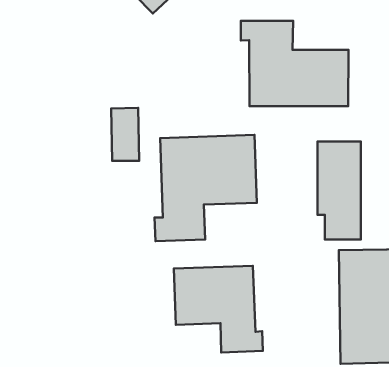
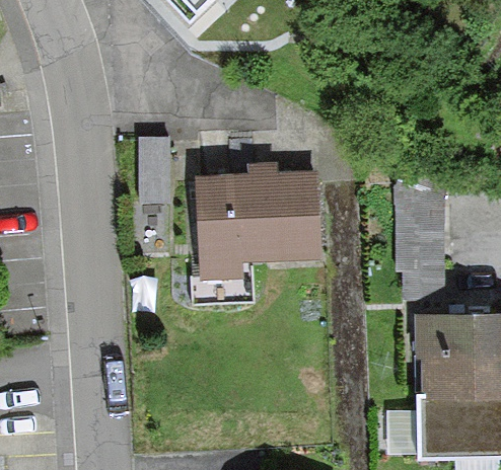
building: [241,21,348,106] -> none
building: [174,266,263,352] -> none

